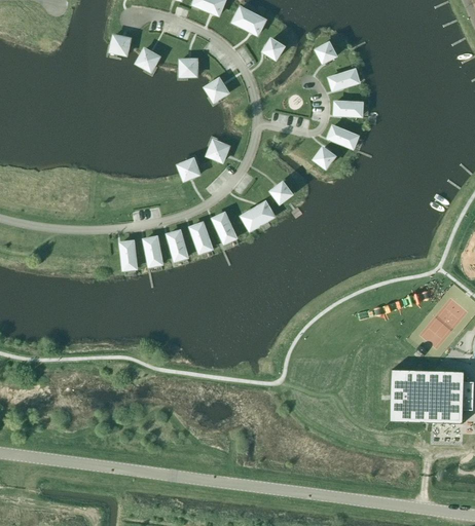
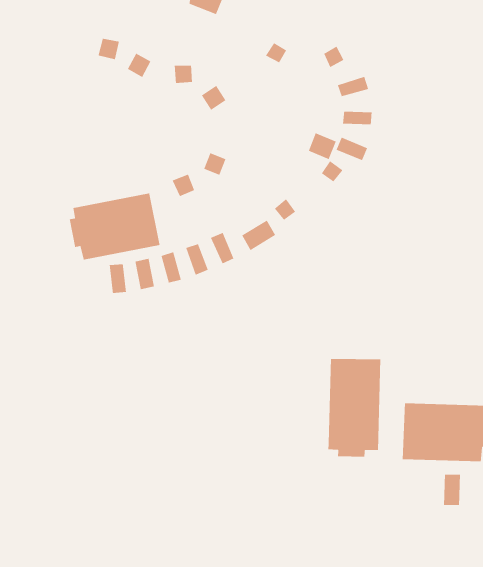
building: [232,7,265,34] -> none
building: none -> [308,132,337,160]
building: none -> [69,192,161,260]
building: none -> [328,358,381,457]
building: none -> [443,474,461,506]

